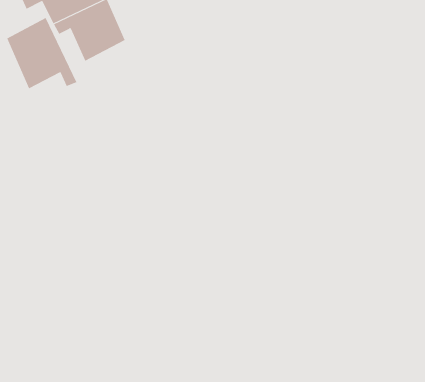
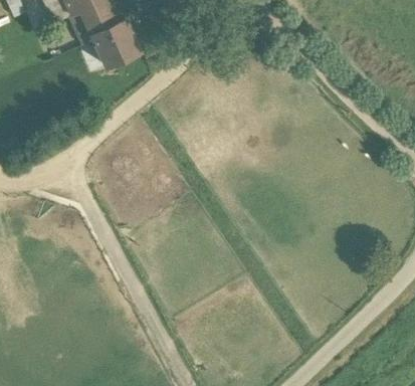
building: [7,17,77,89] -> none

